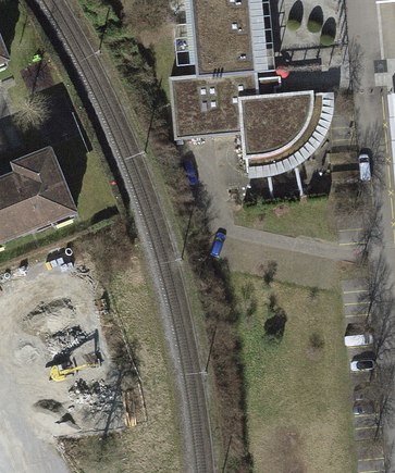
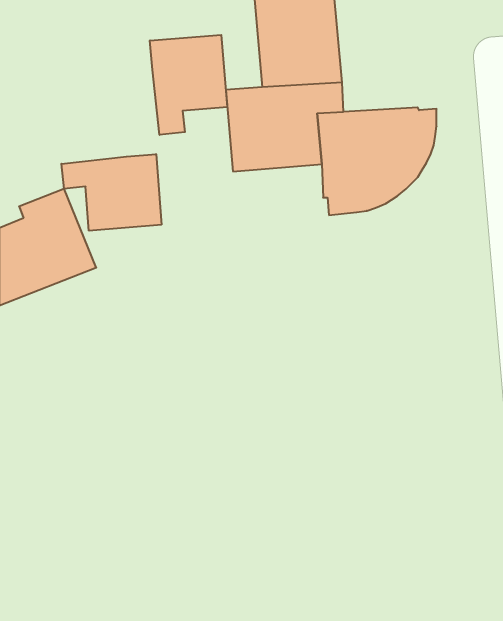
building: none -> [150,35,227,135]
building: none -> [61,154,161,231]

